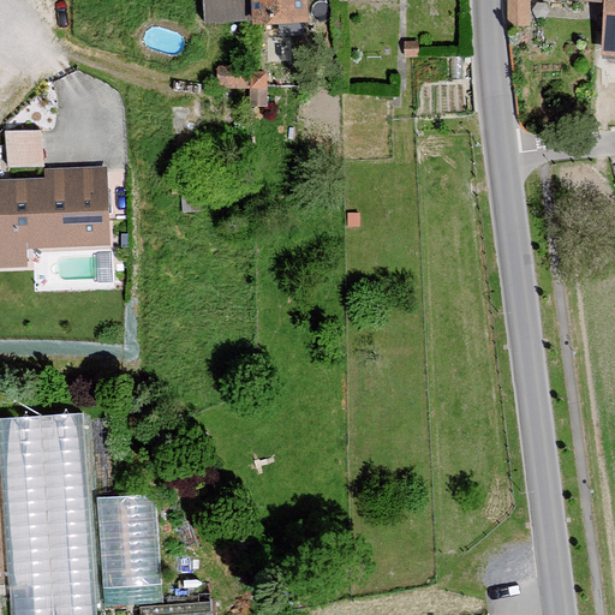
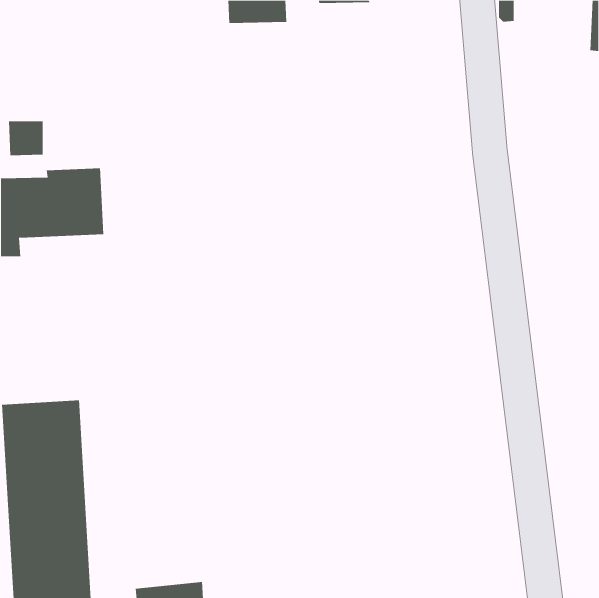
building: [101,506,156,601] -> none

